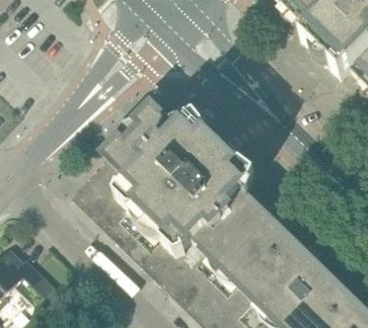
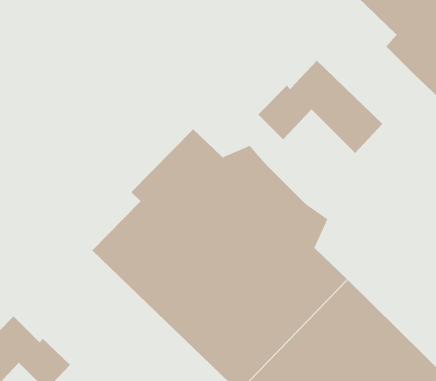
building: none -> [257,60,383,154]

